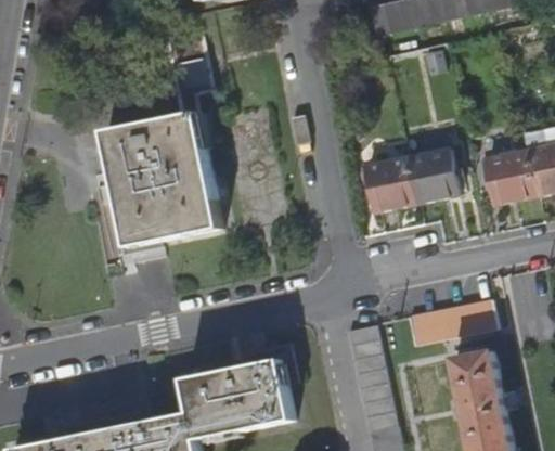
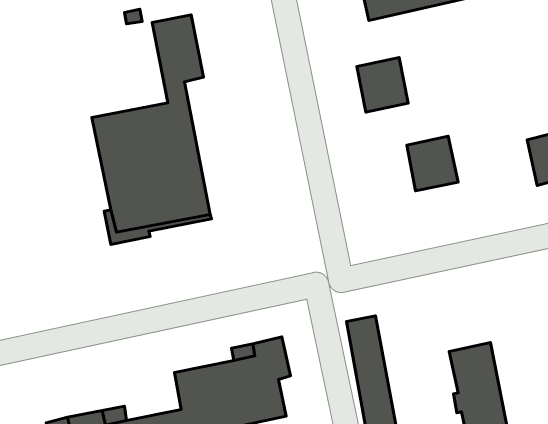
building: [483,152,533,206] -> none
building: [365,157,415,210] -> [357,58,408,112]
building: [403,299,493,345] -> none

